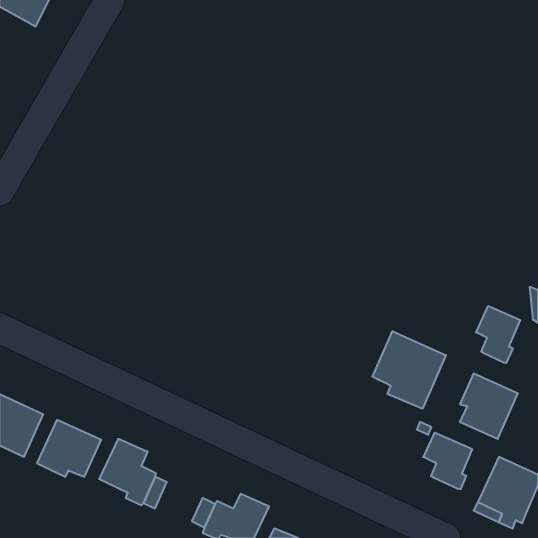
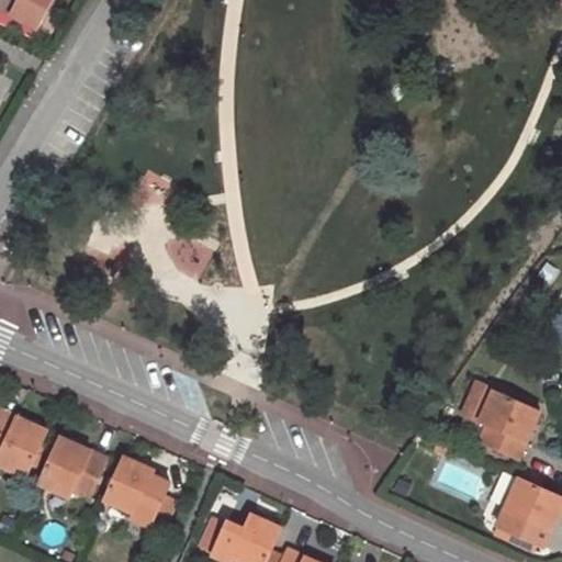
building: [476,306,520,363] -> none
building: [372,331,446,409] -> none
building: [423,433,472,489] -> none

